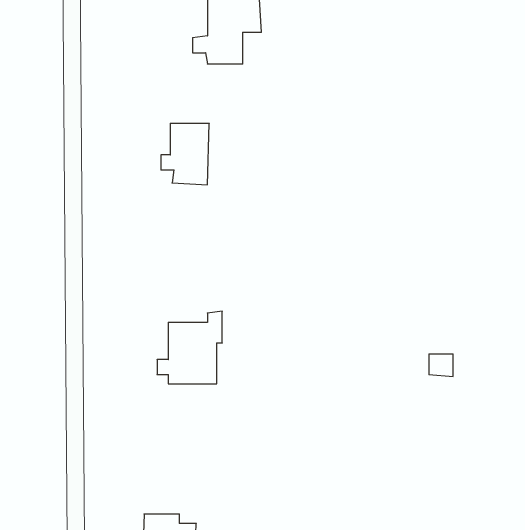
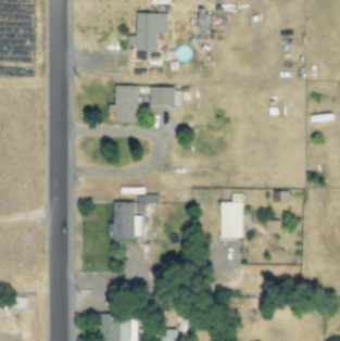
building: none -> [151,87,181,106]
building: none -> [221,202,242,238]

